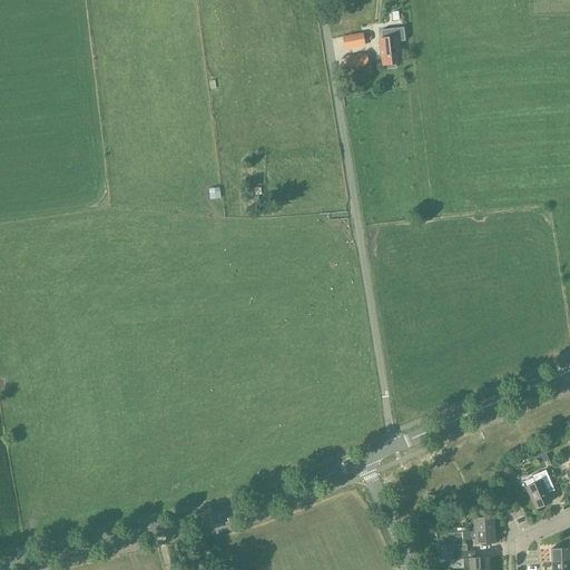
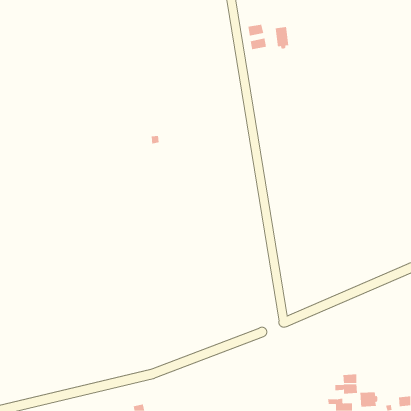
building: [527,470,551,508] -> none
building: none -> [360,391,378,407]

